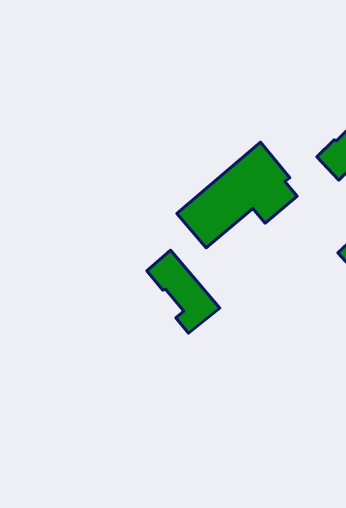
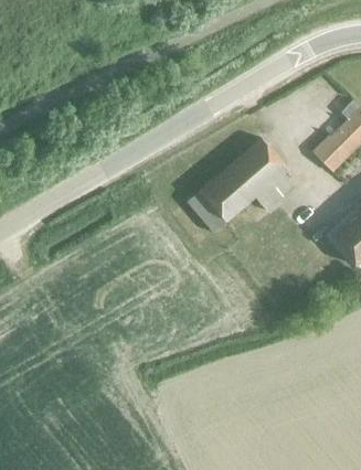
building: [147,250,220,333] -> none

